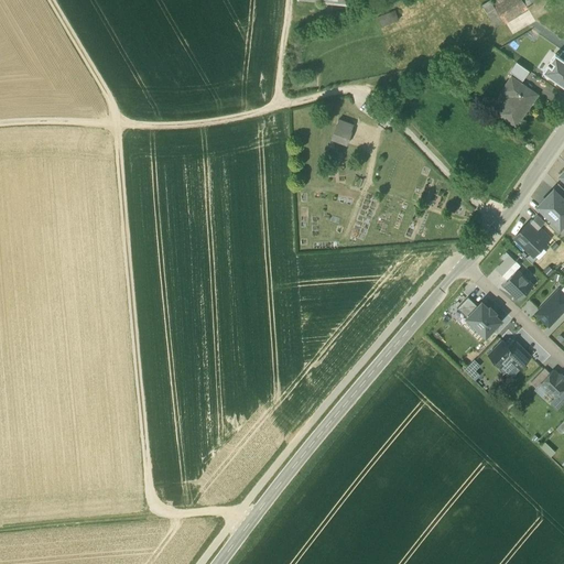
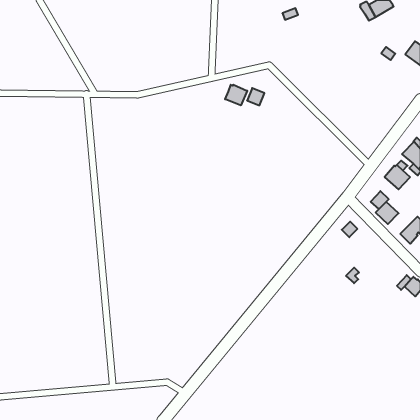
building: [499,77,538,126] -> none
building: none -> [225,85,247,105]
building: [468,304,501,336] -> none
building: [489,340,531,369] -> none

